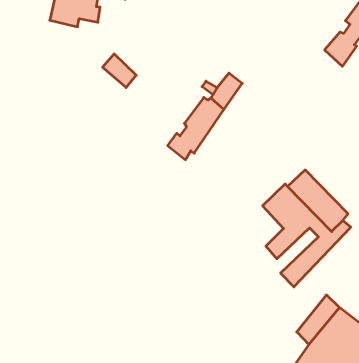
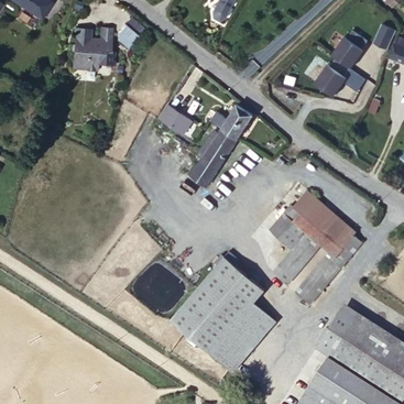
building: [103,54,136,88] -> [157,106,189,137]
building: none -> [174,259,273,369]

